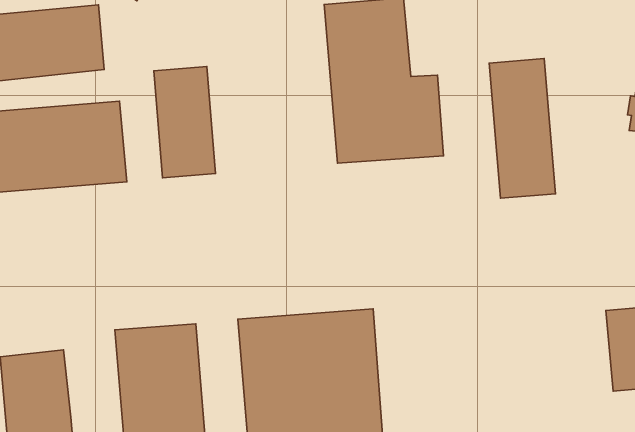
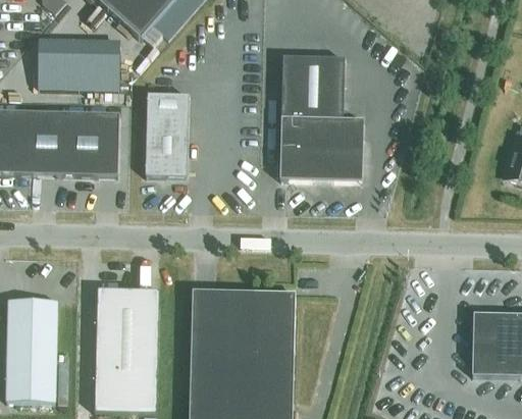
building: [489,59,555,198] -> none

